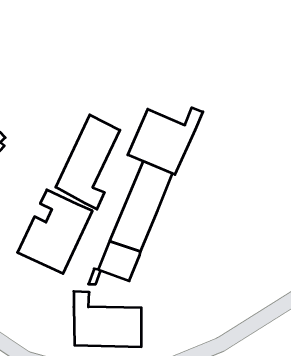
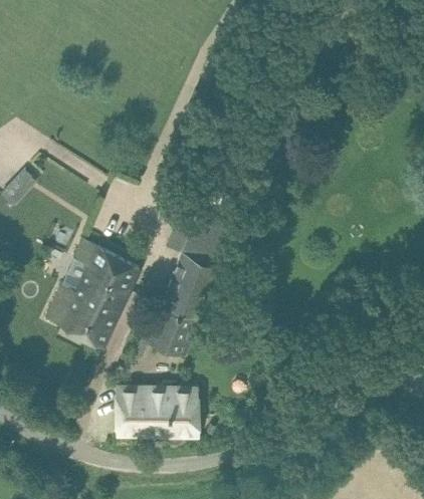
building: [128,108,203,175] -> none
building: [56,115,120,209] -> none

